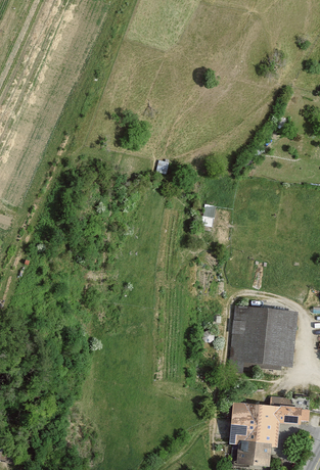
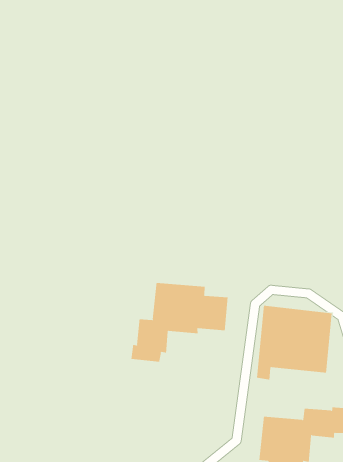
building: none -> [131,282,228,362]

